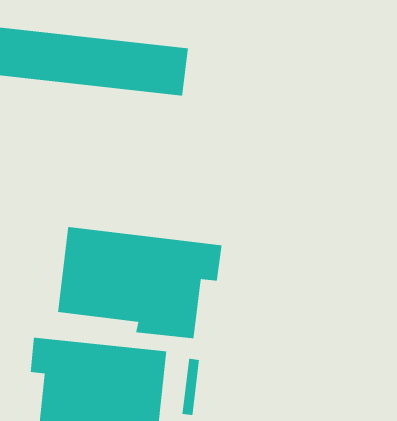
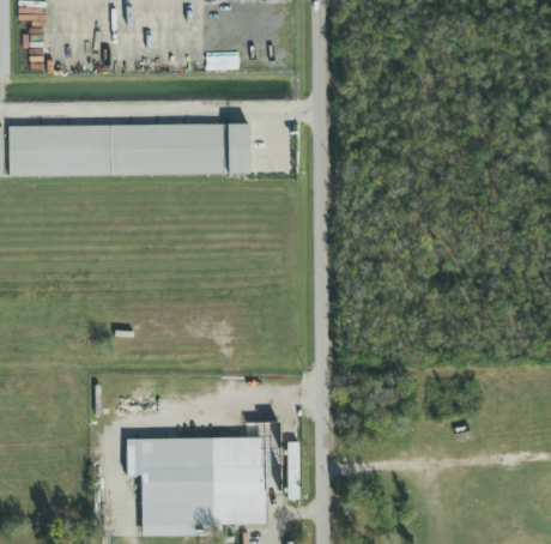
building: [57,226,223,339] -> none

